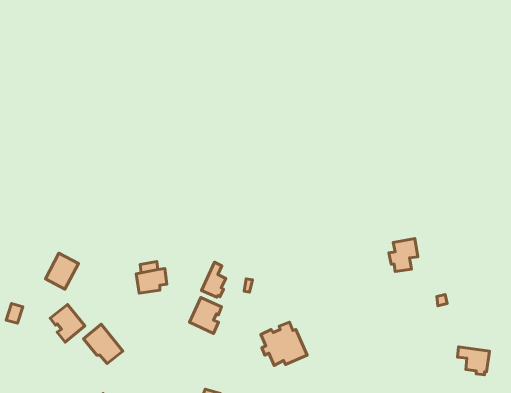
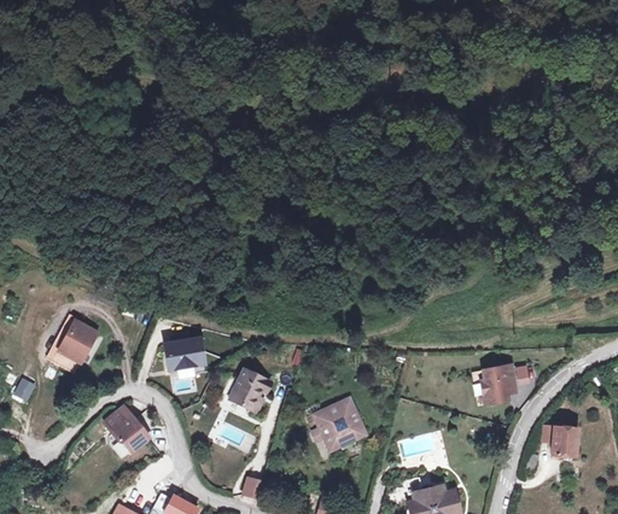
building: [389,238,418,271] -> [483,364,517,403]
building: [201,262,226,297] -> none
building: [50,304,85,342] -> none

